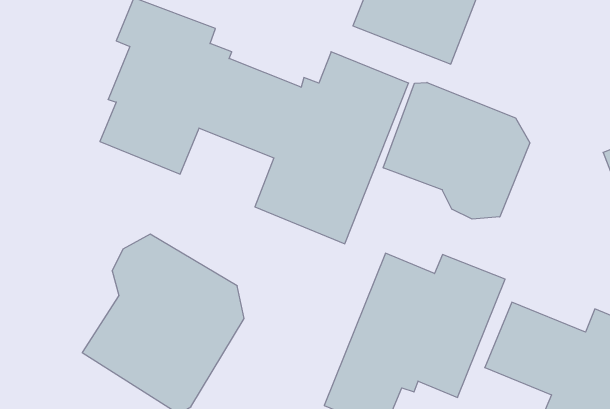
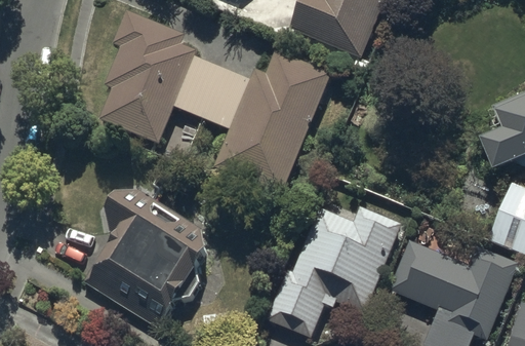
building: [383,82,530,219] -> none

